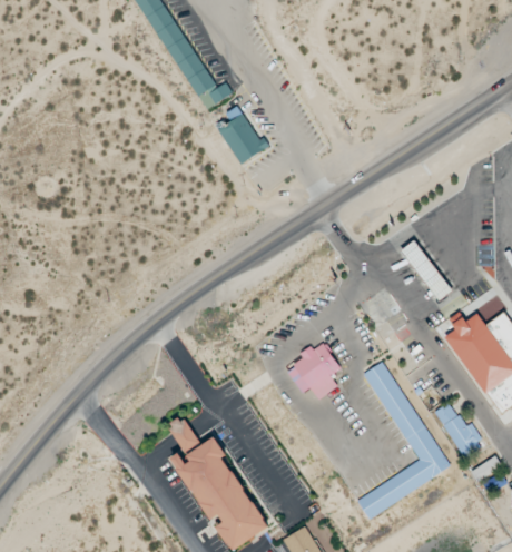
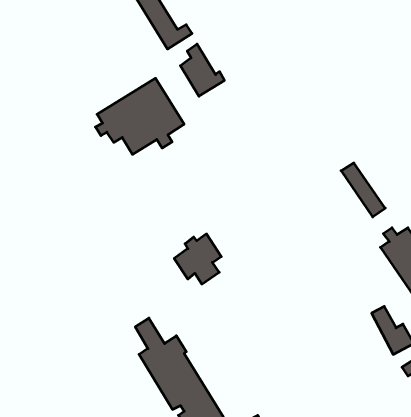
building: none -> [95,78,184,154]
building: [286,342,339,398] -> [174,234,221,284]
building: [356,359,449,518] -> none

